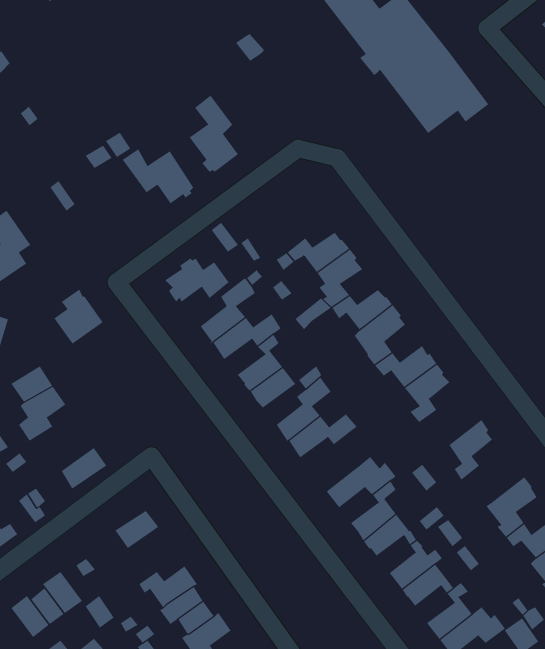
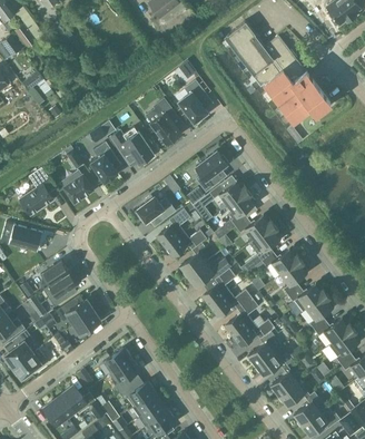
building: none -> [177,80,207,123]
building: none -> [89,142,117,183]
building: none -> [195,150,227,192]
building: [53,289,104,344] -> [62,170,92,204]
building: none -> [287,283,325,311]
building: none -> [224,297,257,336]
building: none -> [55,299,92,324]
building: none -> [313,318,351,343]
building: none -> [109,358,138,392]

